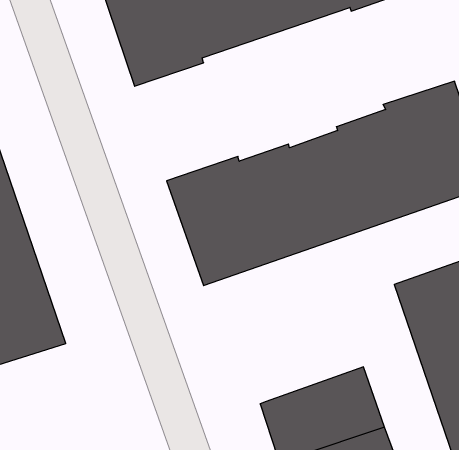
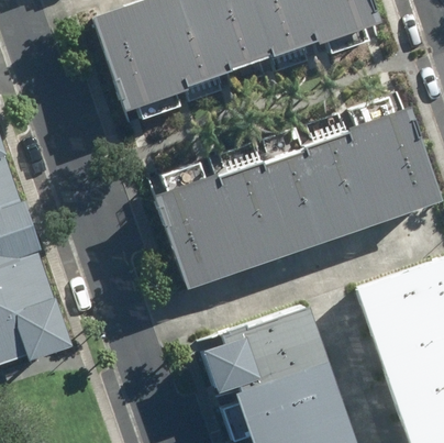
building: none -> [221,306,329,392]

